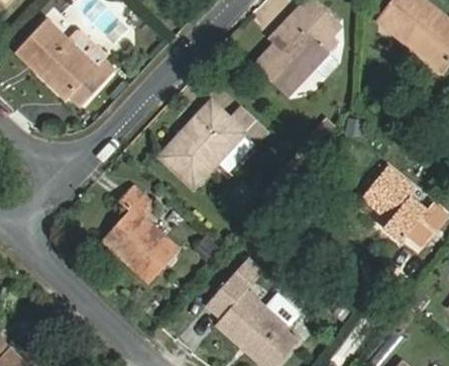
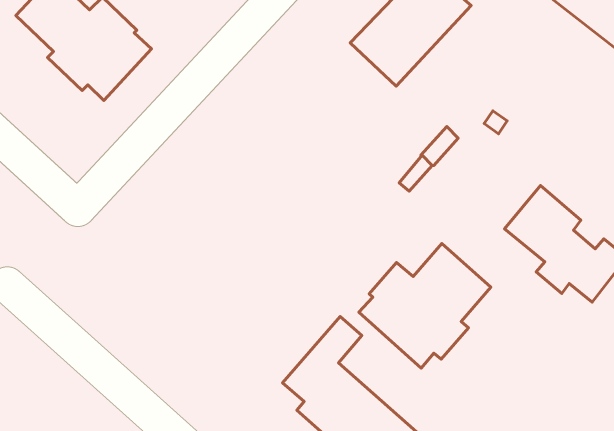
building: [164,102,264,186] -> none
building: [102,187,178,282] -> none
building: none -> [359,243,491,368]

